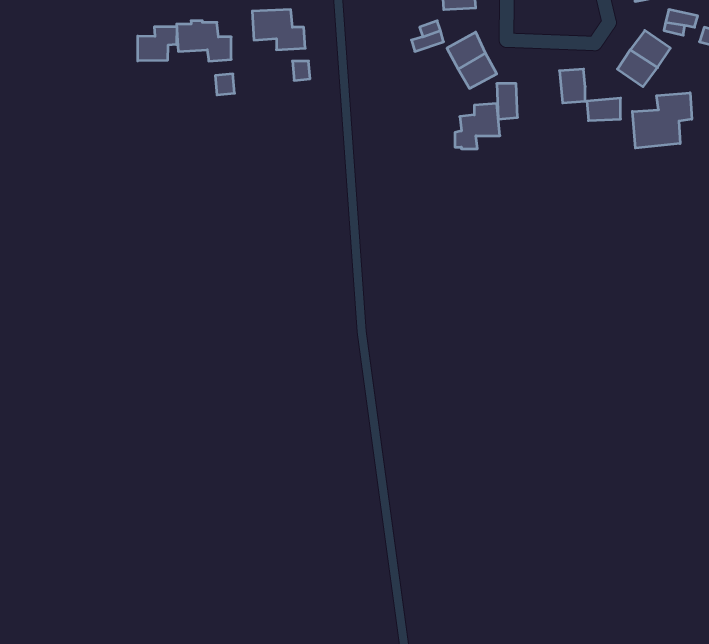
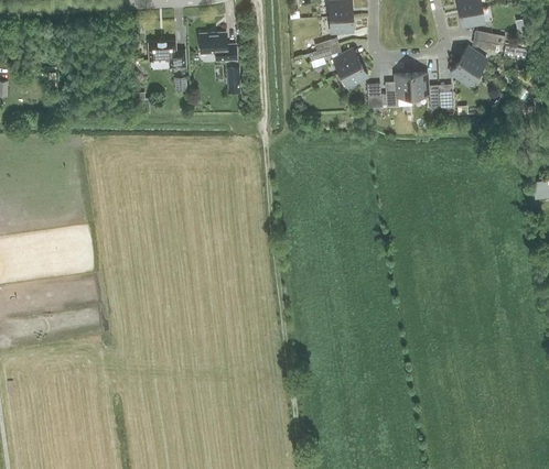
building: [138,27,177,61] -> none
building: [632,93,692,148] -> none
building: [455,104,500,149] -> [381,74,412,105]

